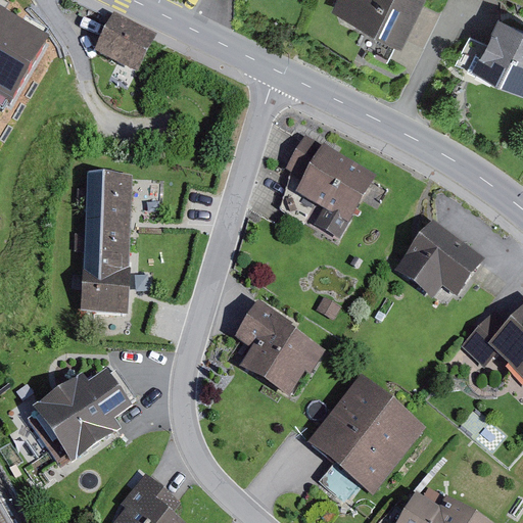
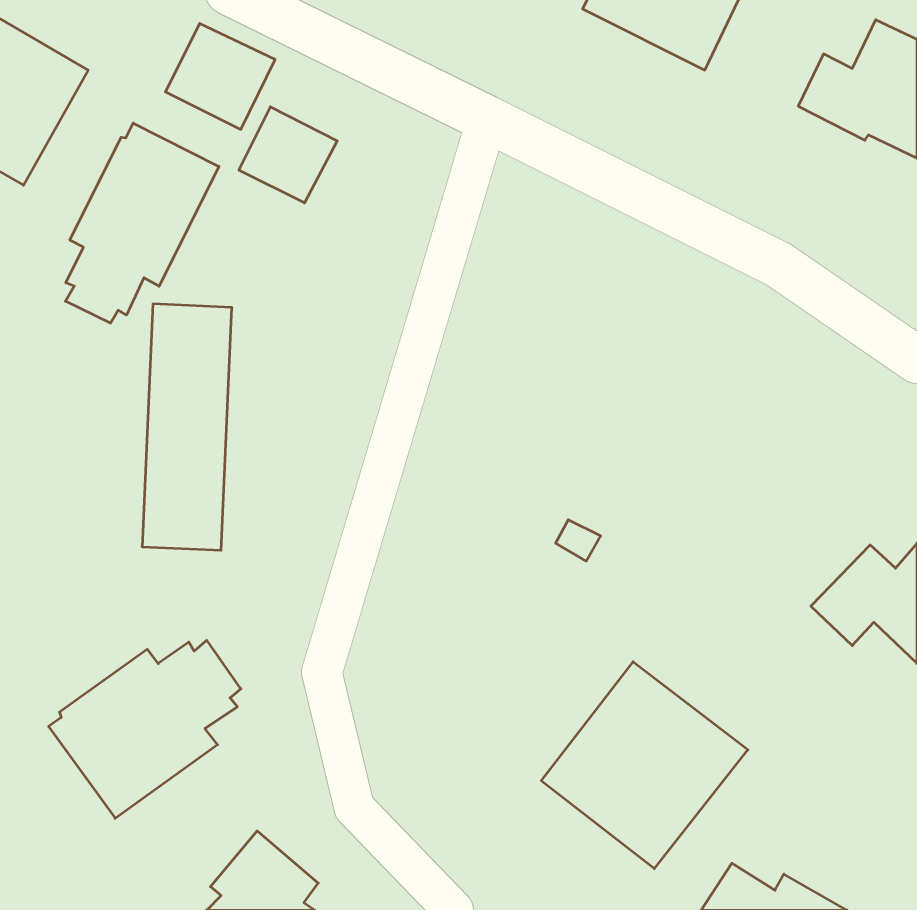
building: none -> [239,107,337,203]
building: none -> [65,123,219,323]
building: [285,134,376,238] -> none
building: [396,220,484,296] -> none
building: [234,301,325,397] -> none

